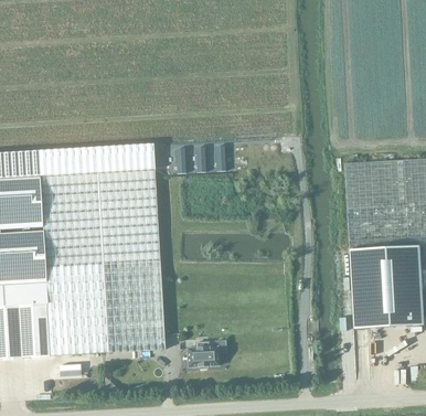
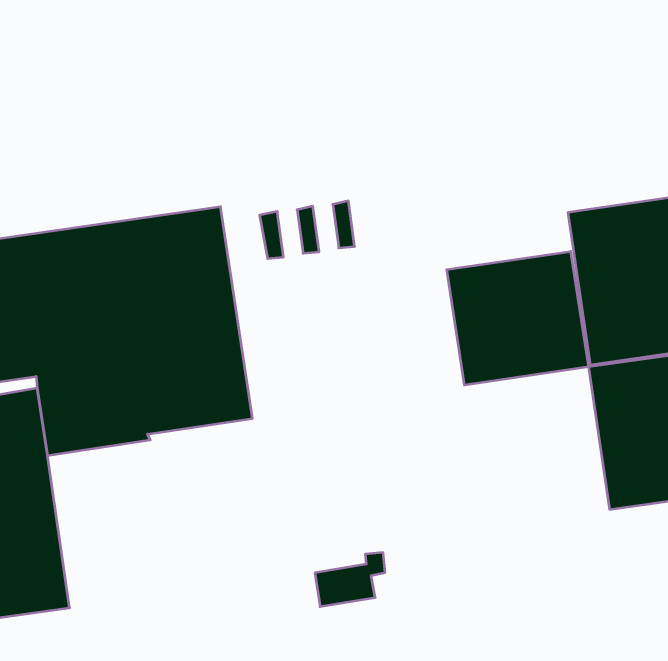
building: none -> [447,251,588,385]
building: [45,260,164,355] -> none

